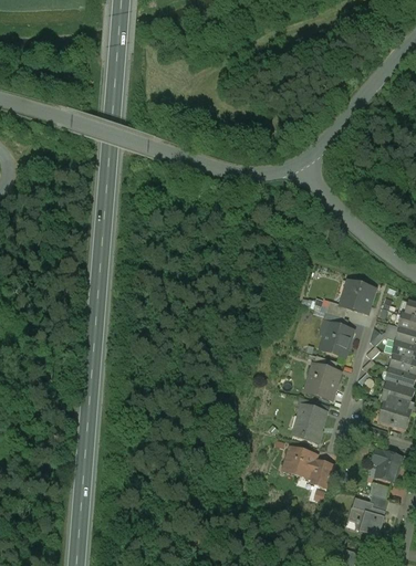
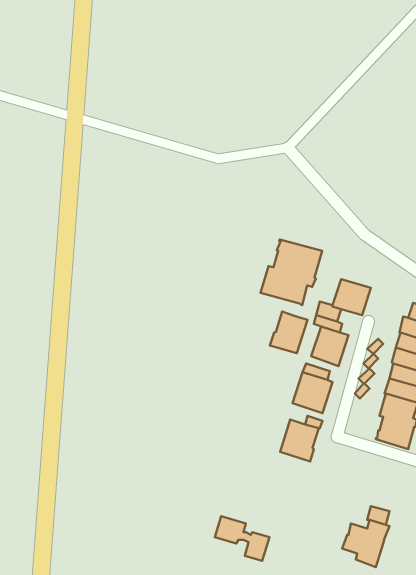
building: none -> [261,240,322,305]
building: none -> [270,312,307,353]
building: [285,448,334,488] -> [215,516,270,561]
building: [372,450,401,482] -> none

